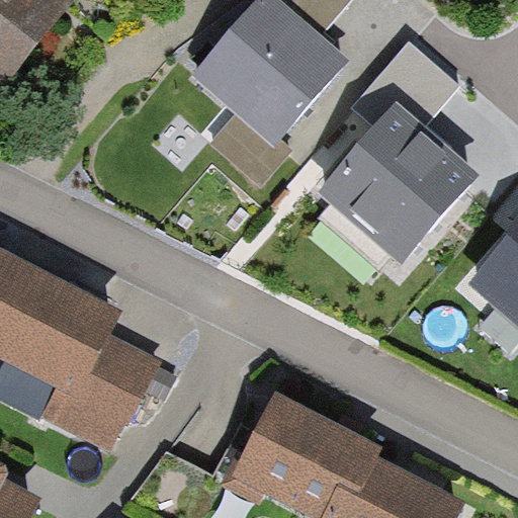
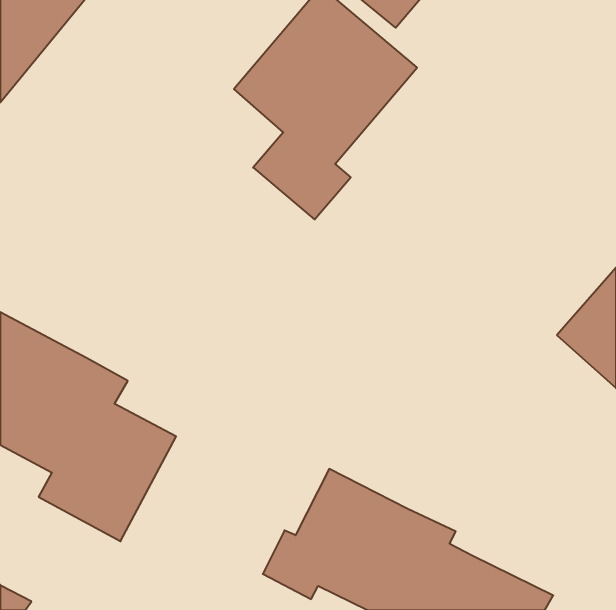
building: [313,39,482,268] -> none

